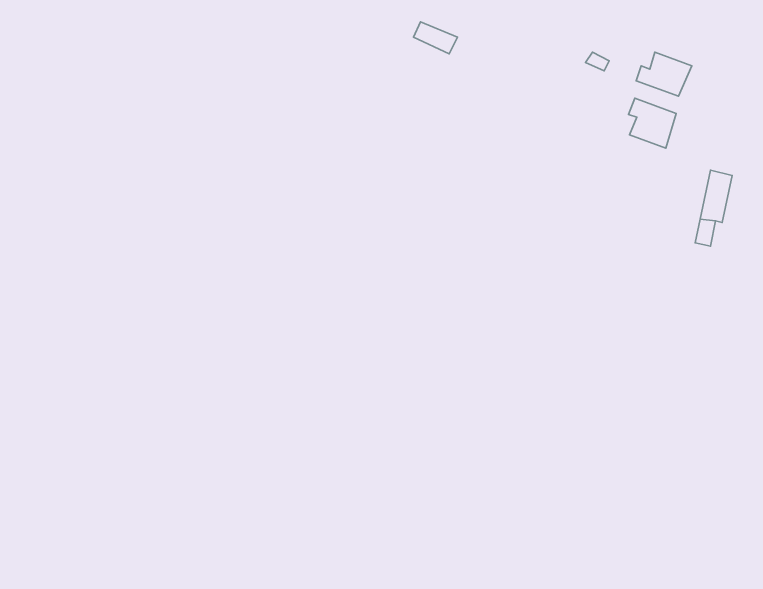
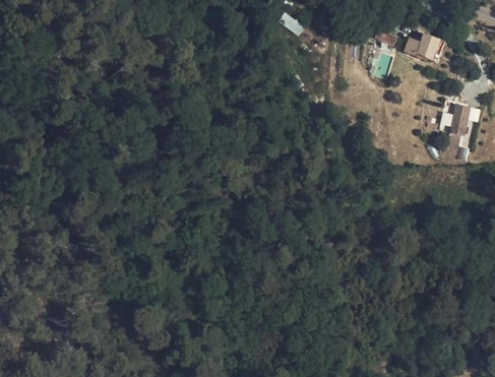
building: [628,98,676,148] -> none

